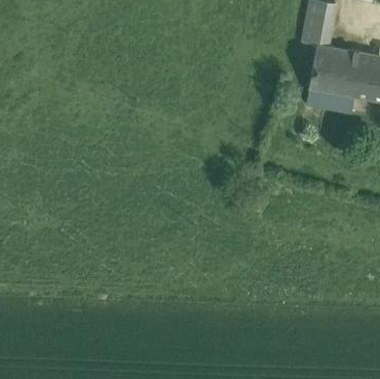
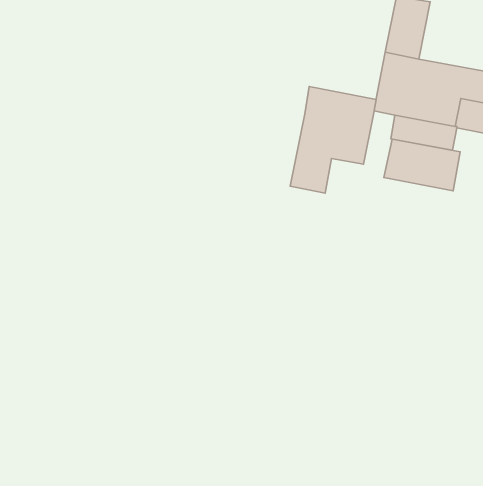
building: none -> [290,87,376,193]
building: none -> [384,139,460,191]

